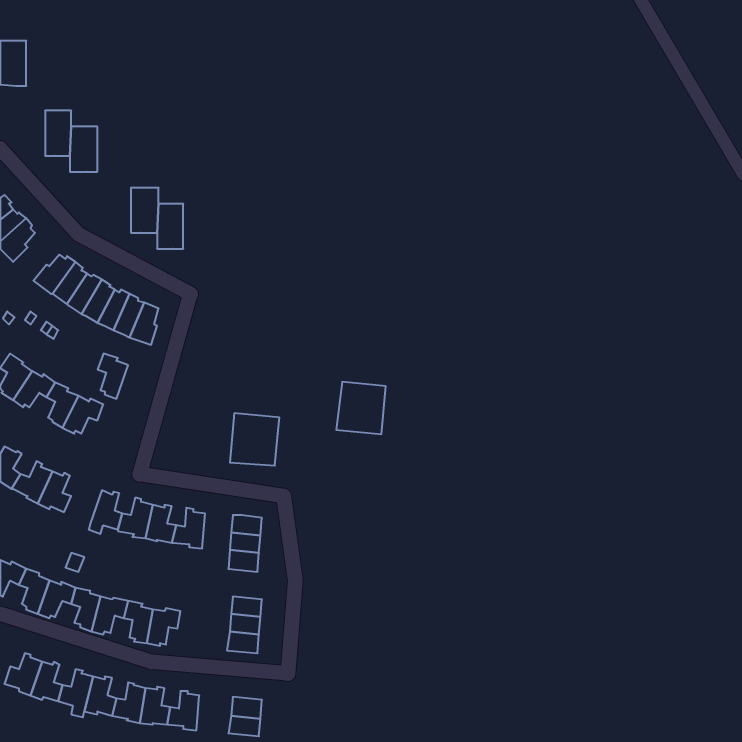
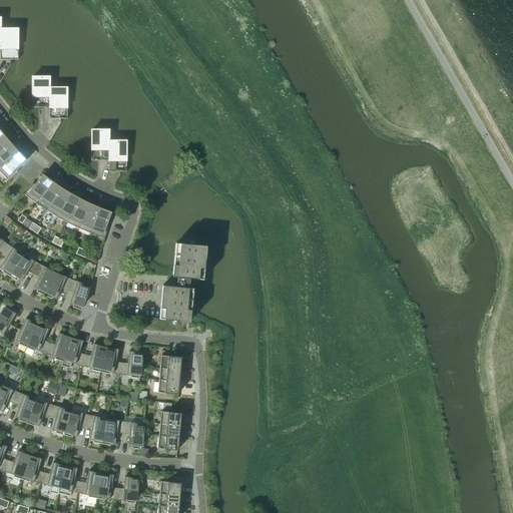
building: [98,354,128,399] -> [68,279,89,310]
building: [336,382,386,434] -> [172,242,206,279]
building: none -> [45,332,71,361]
building: none -> [123,421,143,449]

